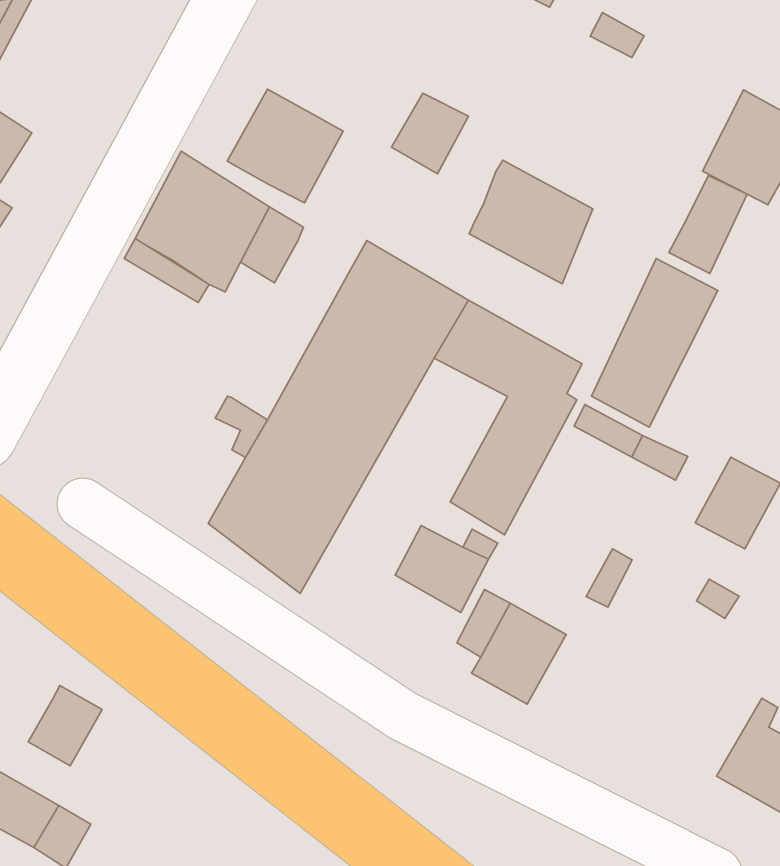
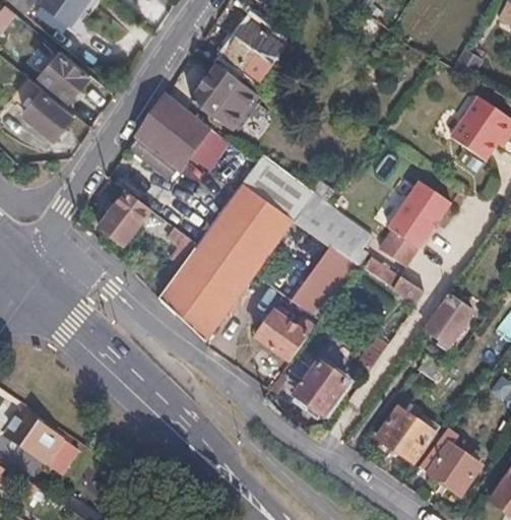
building: [392,93,468,174] -> [231,27,274,72]
building: [469,160,593,284] -> none
building: [669,175,747,273] -> none
building: none -> [98,191,149,246]
building: none -> [379,407,435,462]
building: [28,686,102,766] -> none

